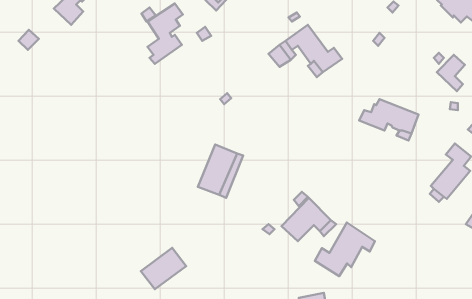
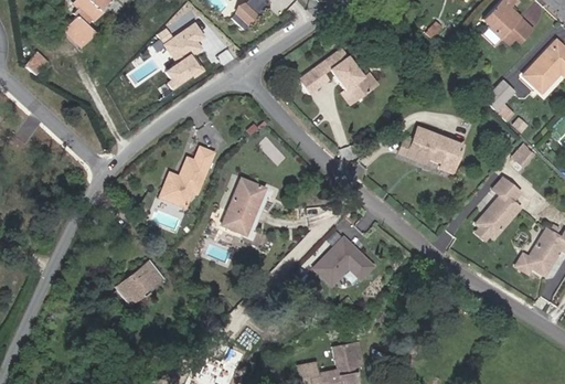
building: none -> [163,147,214,206]
building: [315,222,375,276] -> none
building: [141,248,186,289] -> [115,259,164,305]

